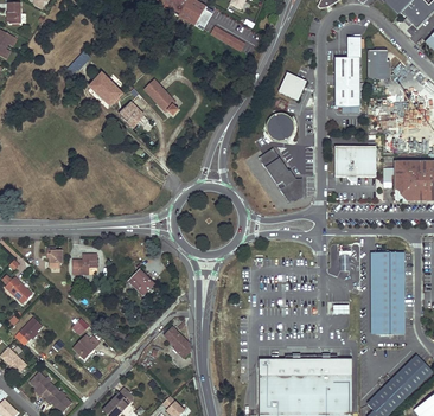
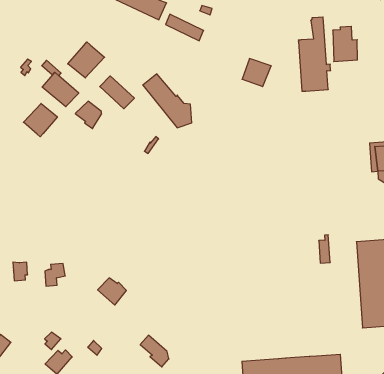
building: none -> [68,42,105,78]
building: none -> [23,103,57,137]
building: [267,113,293,136] -> none
building: [333,145,375,177] -> none
building: [257,148,301,200] -> [143,74,192,128]

